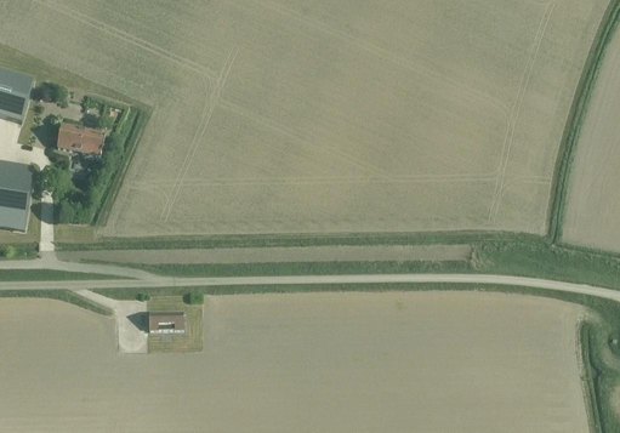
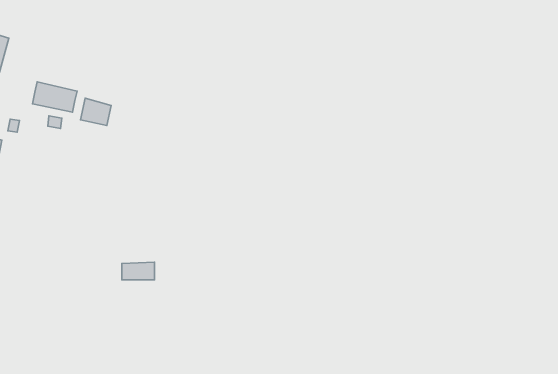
building: none -> [80,98,111,126]

